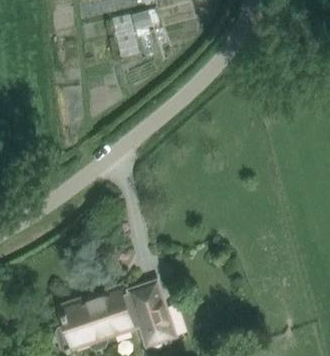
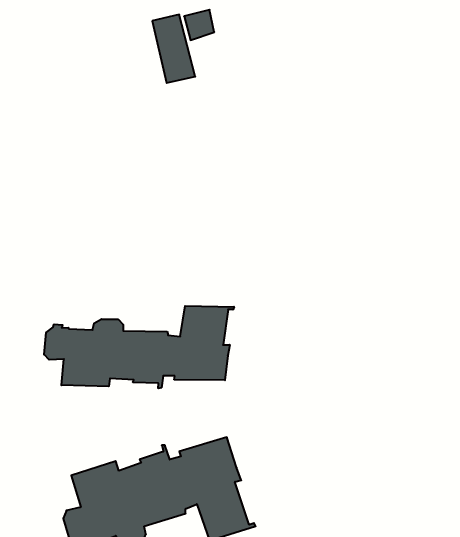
building: none -> [44,306,234,388]

